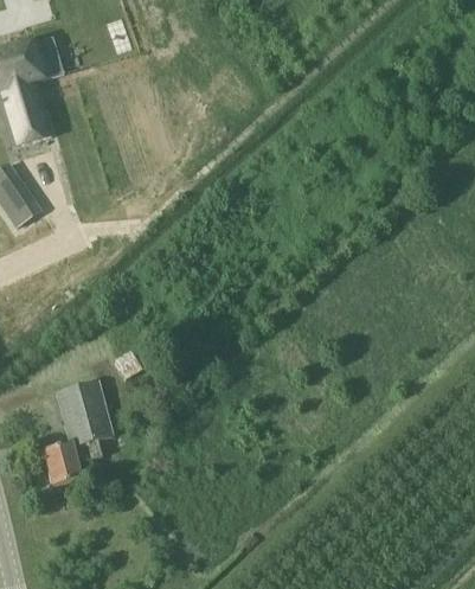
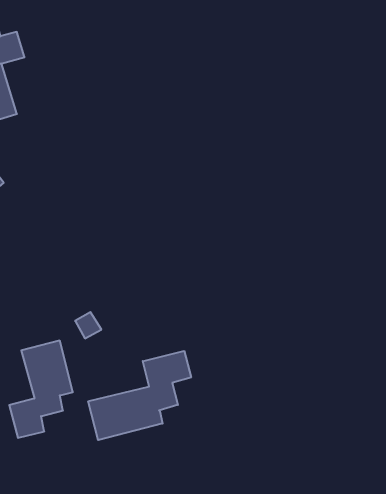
building: none -> [88,351,191,440]

